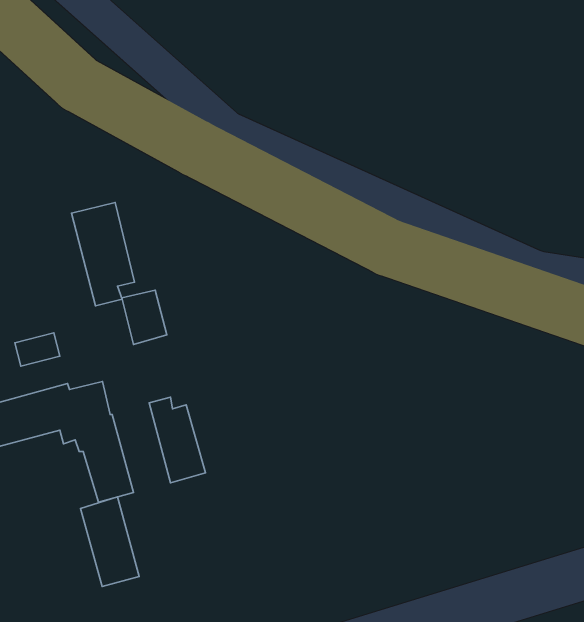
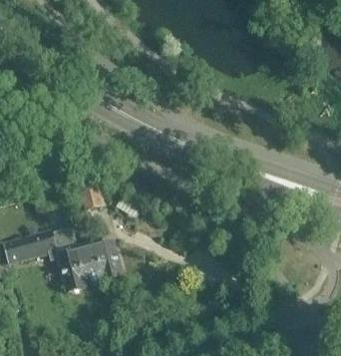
building: [72,202,134,306] -> none
building: [81,497,139,586] -> [75,239,105,285]

